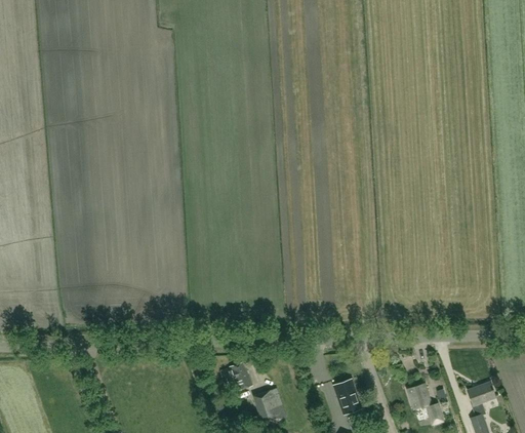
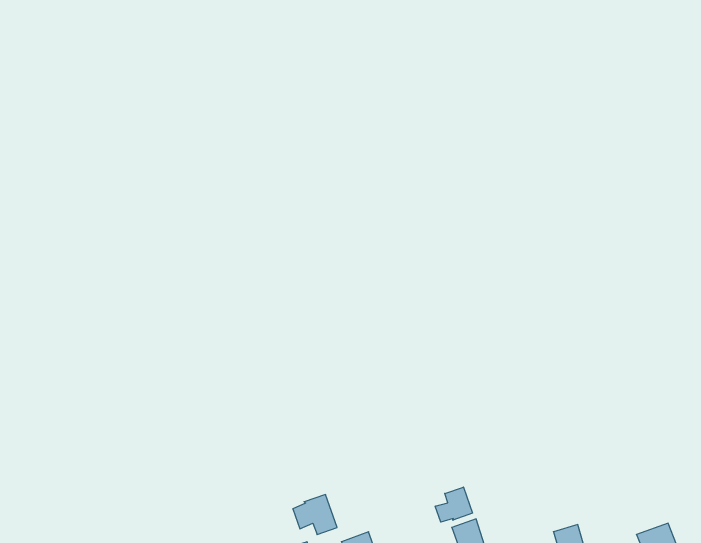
building: none -> [435,487,473,522]

